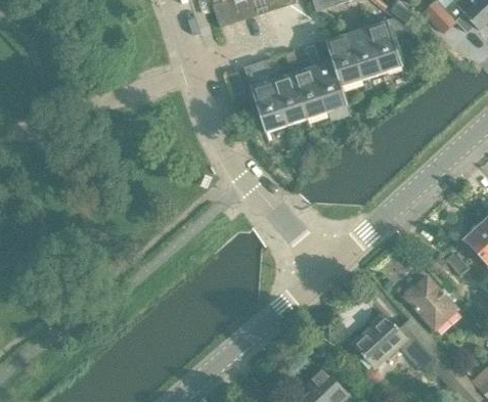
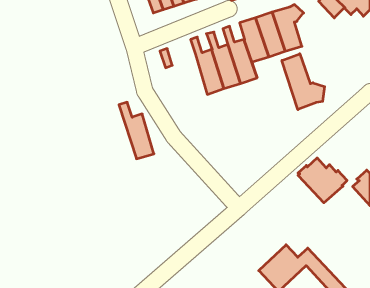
building: [243,62,286,132] -> [119,102,154,159]
building: none -> [282,54,325,110]
building: [403,274,463,329] -> [298,158,347,203]

